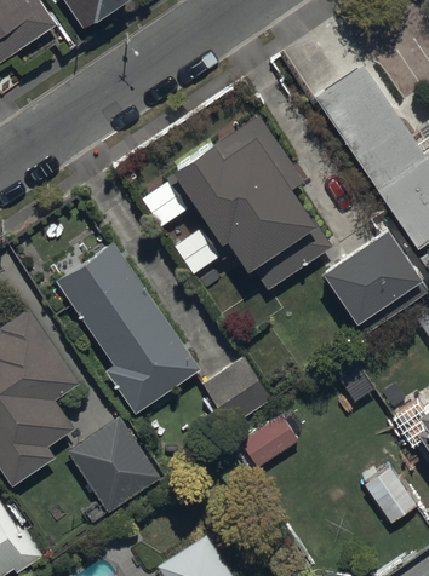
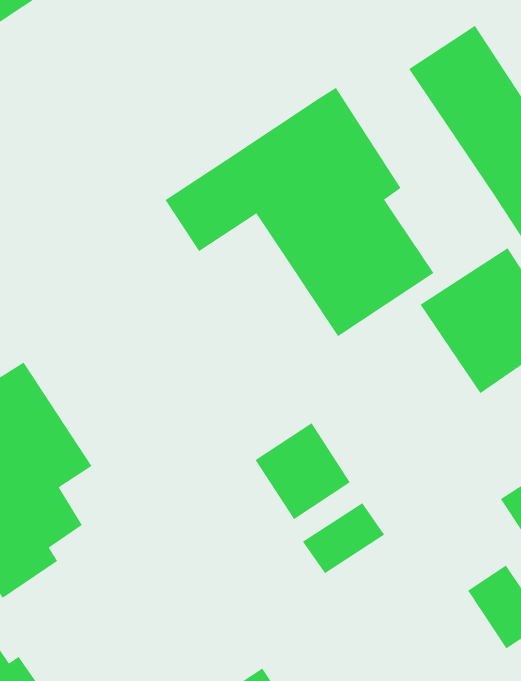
building: [55,242,201,411] -> none
building: [64,416,162,515] -> none

